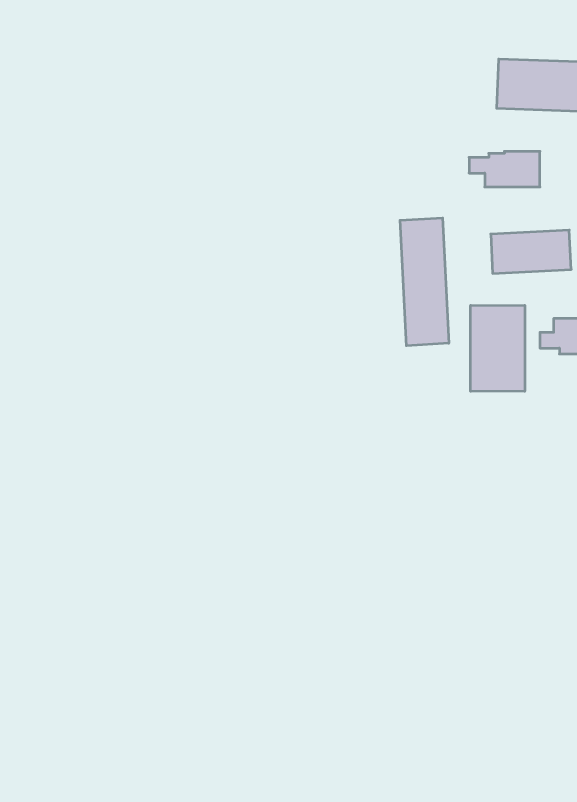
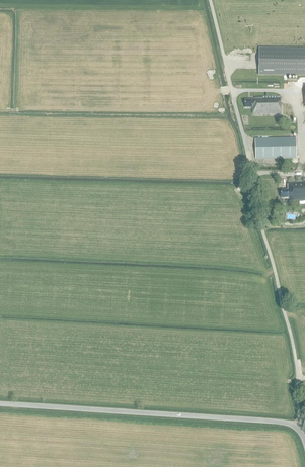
building: [400,218,449,346] -> none
building: [471,305,525,391] -> none

